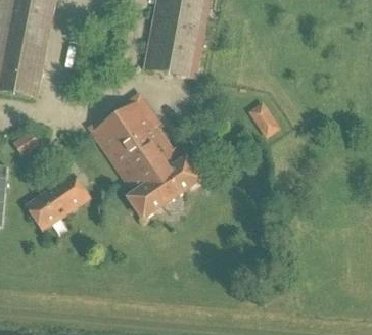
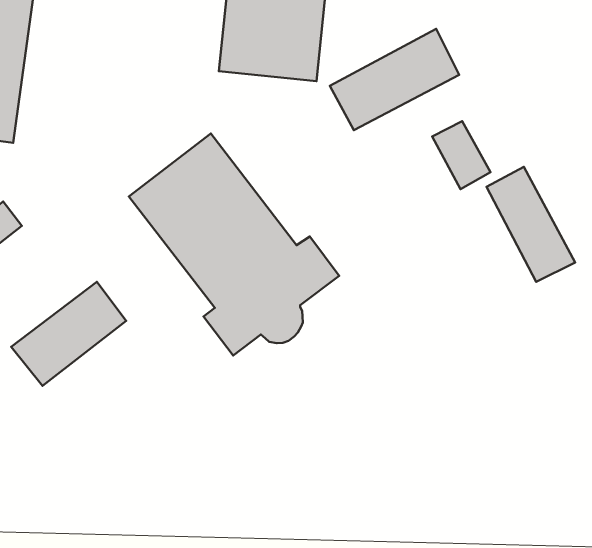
building: none -> [330,29,459,130]
building: none -> [487,167,575,282]

